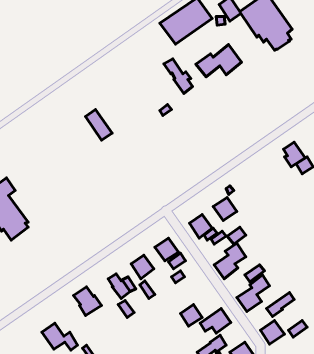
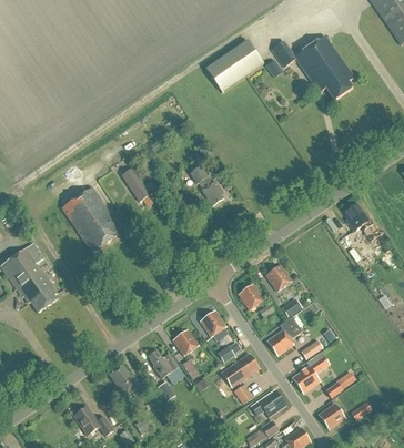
building: [196,45,242,77] -> none
building: [164,59,193,93] -> [191,166,223,205]
building: none -> [62,187,123,253]
building: none -> [221,354,259,387]

